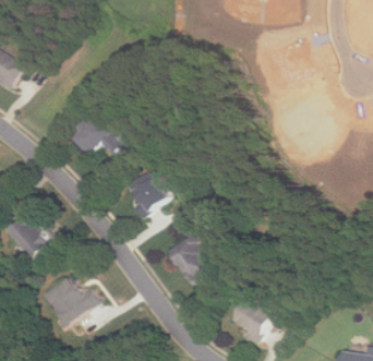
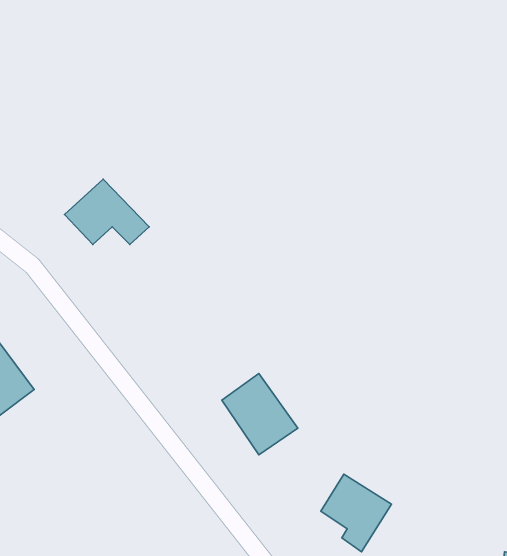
building: [122,170,167,216] -> none
building: [41,276,98,326] -> none

